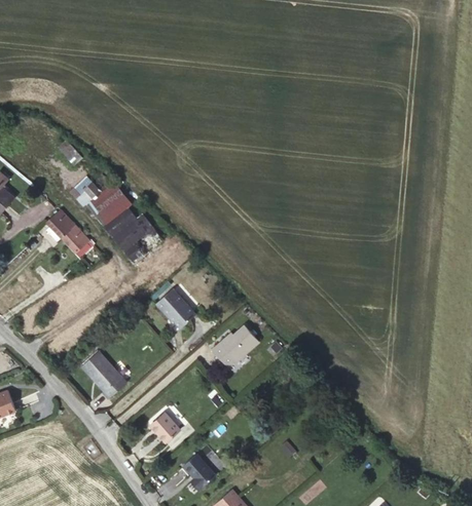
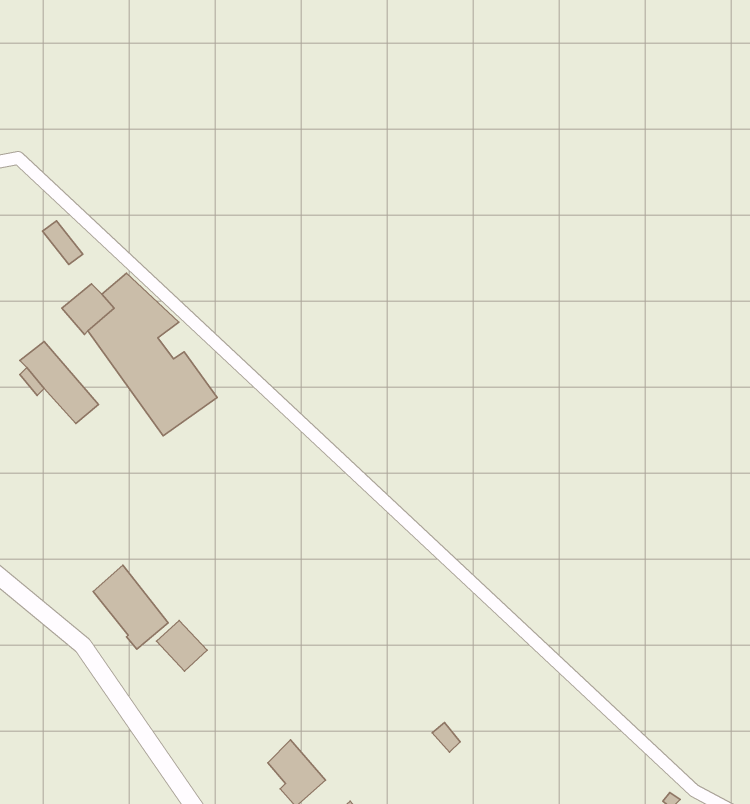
building: [160,289,199,329] -> none
building: [215,318,263,356] -> none
building: [155,411,185,440] -> [156,620,207,671]

